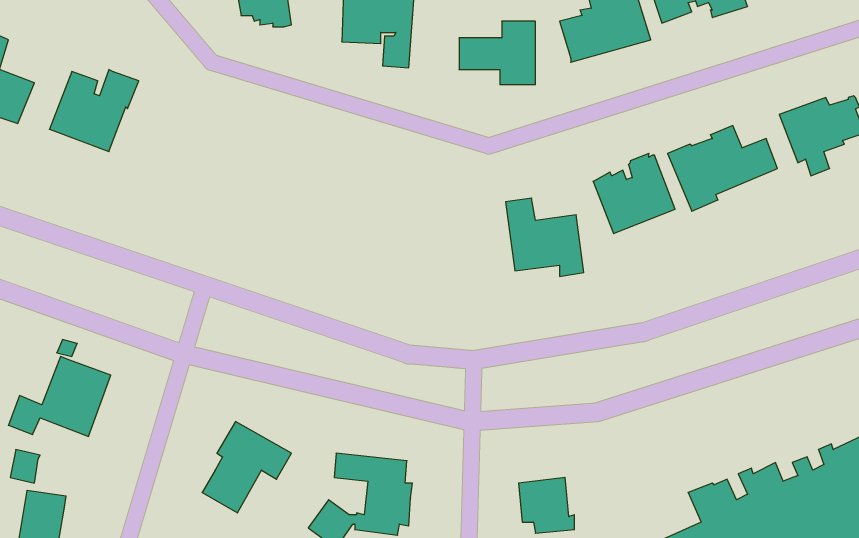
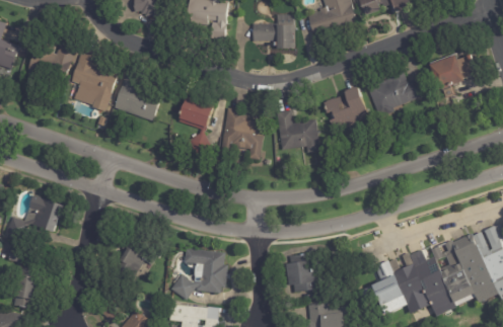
building: none -> [71,54,118,111]
building: none -> [114,74,161,121]
building: none -> [176,98,212,155]
building: none -> [220,108,266,161]

